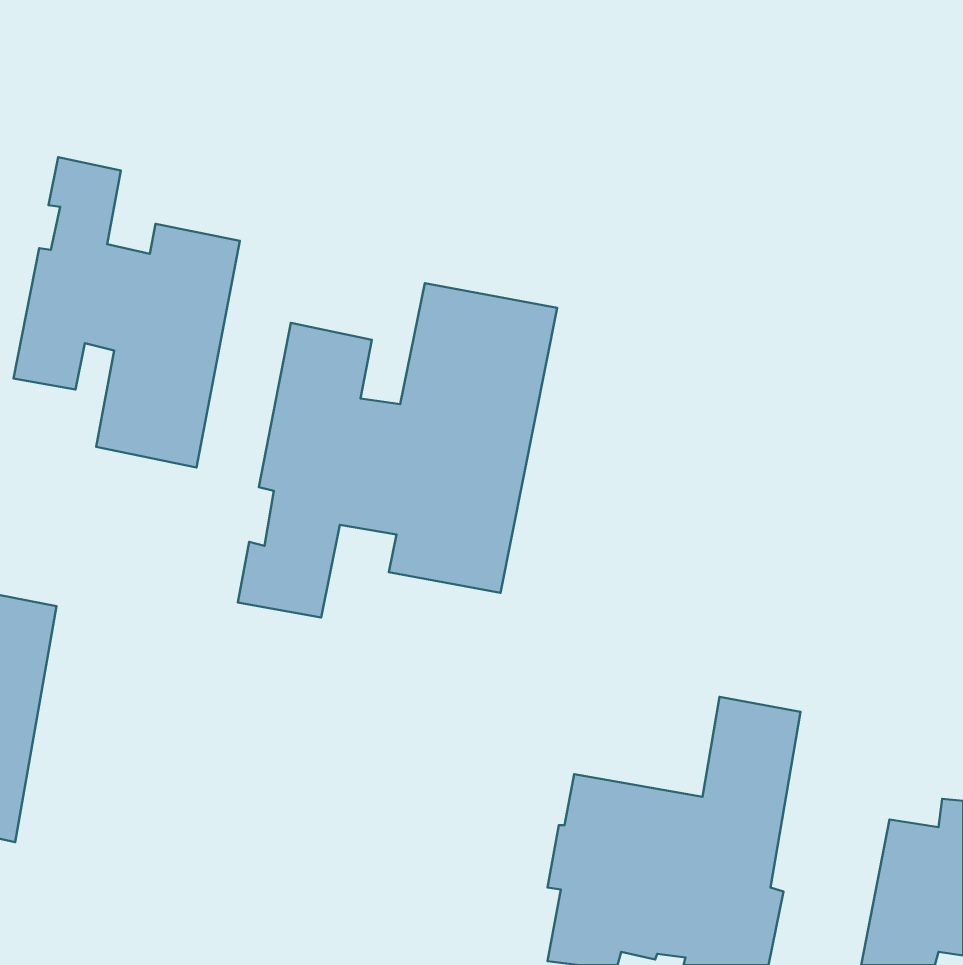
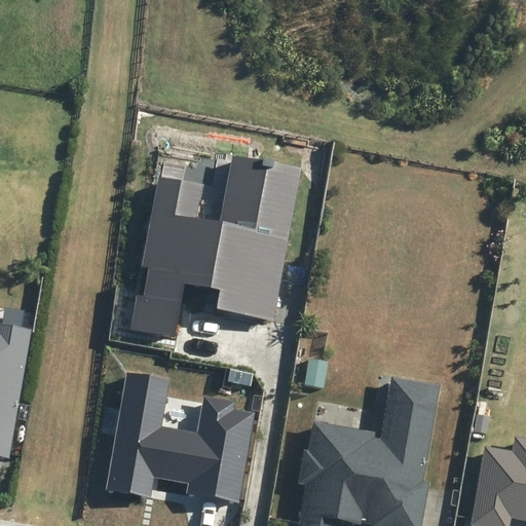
building: [14,157,240,467] -> none
building: none -> [106,373,255,503]

